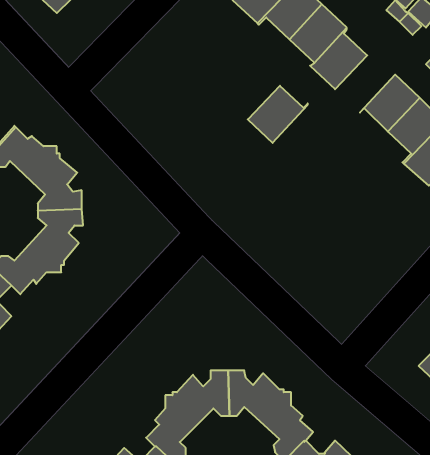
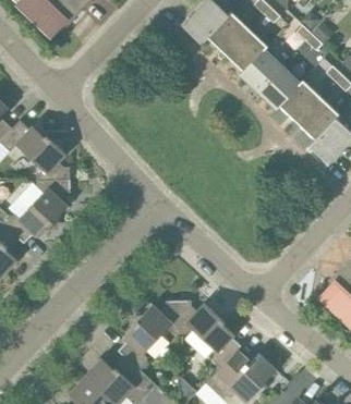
building: [248,86,308,143] -> [258,66,303,109]

